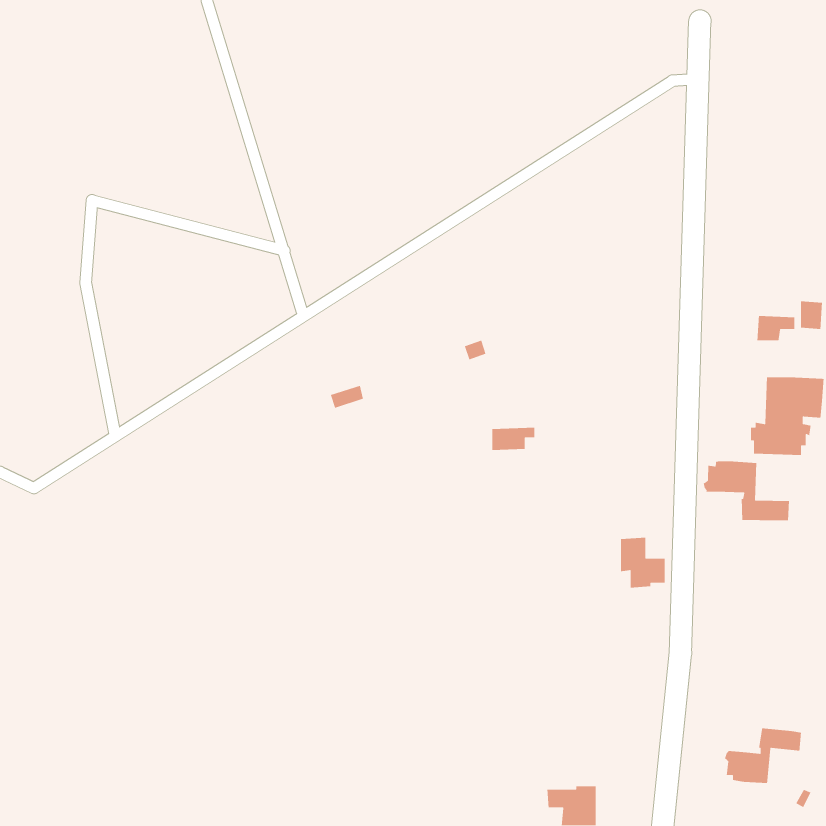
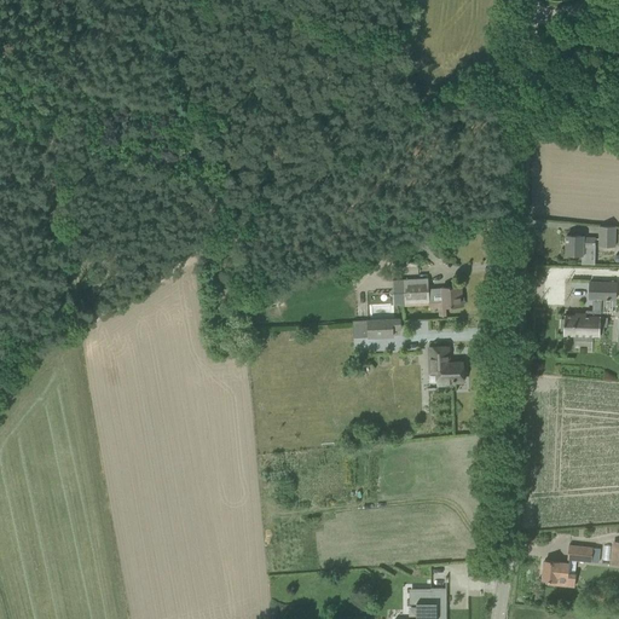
building: none -> [393,278,461,307]
building: [703,461,790,521] -> none
building: [620,537,666,588] -> [429,347,463,386]

